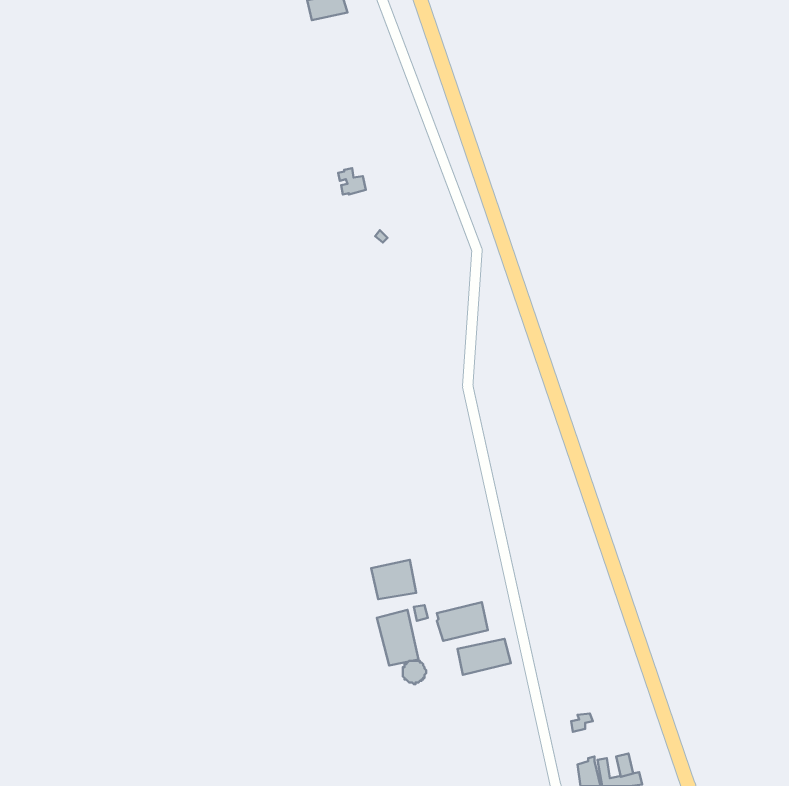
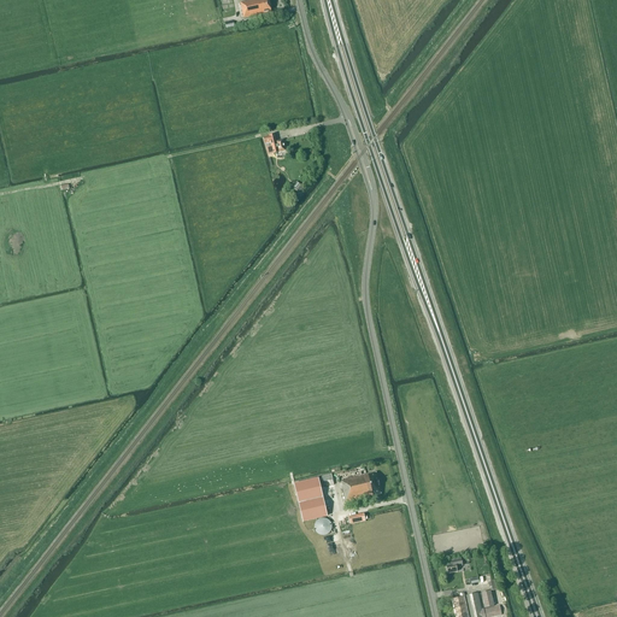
building: [371,560,416,599] -> none
building: [458,639,511,675] -> none

